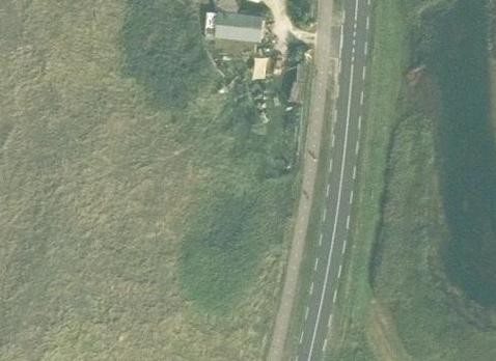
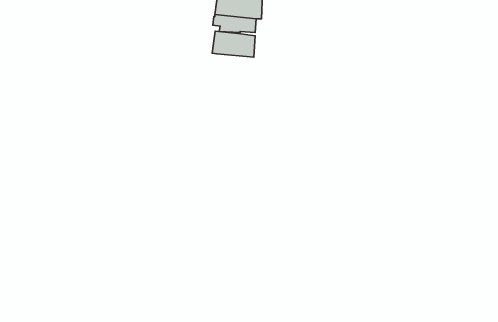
building: none -> [212,31,255,57]

